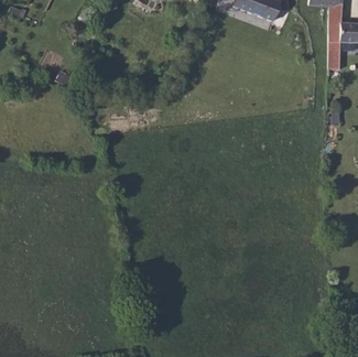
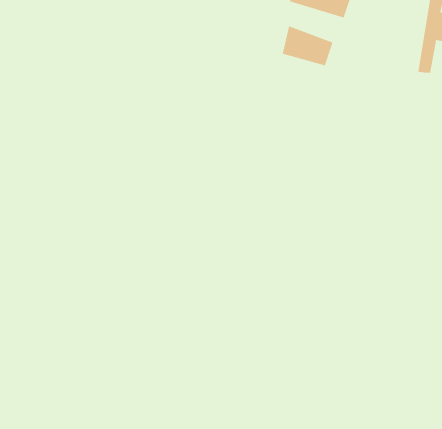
building: none -> [282,26,333,66]

